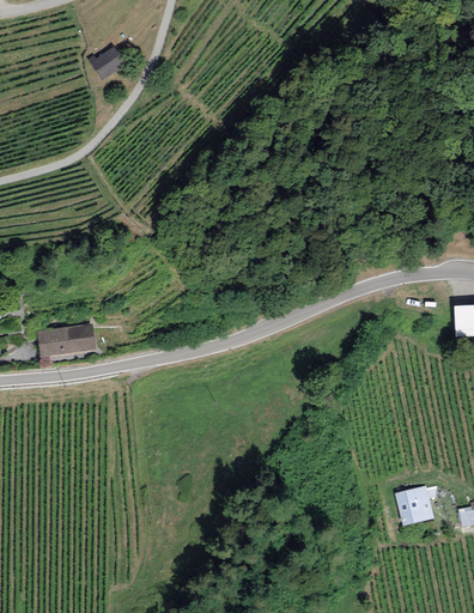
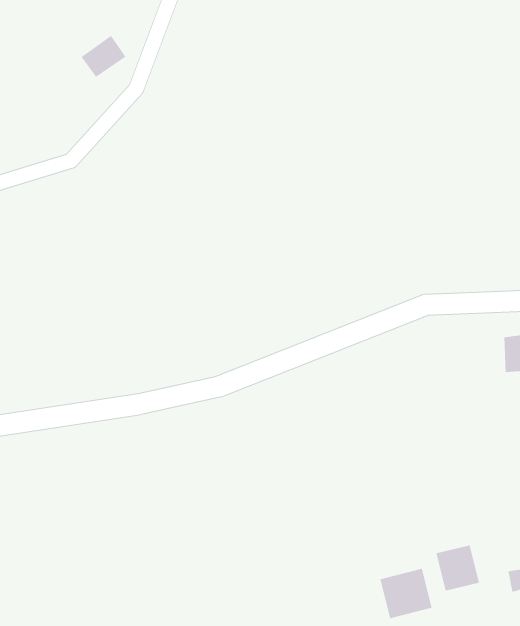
building: [36,322,95,356] -> none
building: none -> [380,568,432,619]

